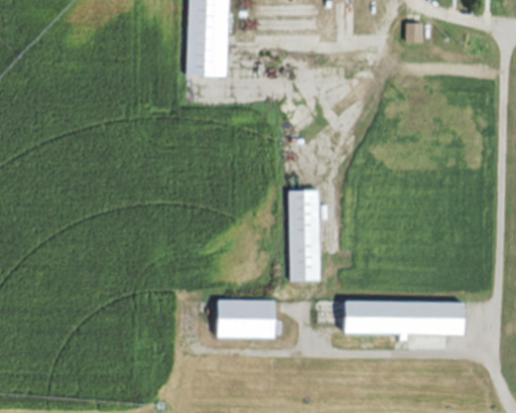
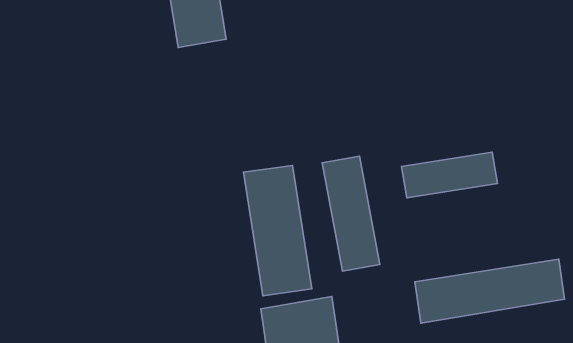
building: none -> [243,165,312,296]
building: none -> [401,152,498,198]

